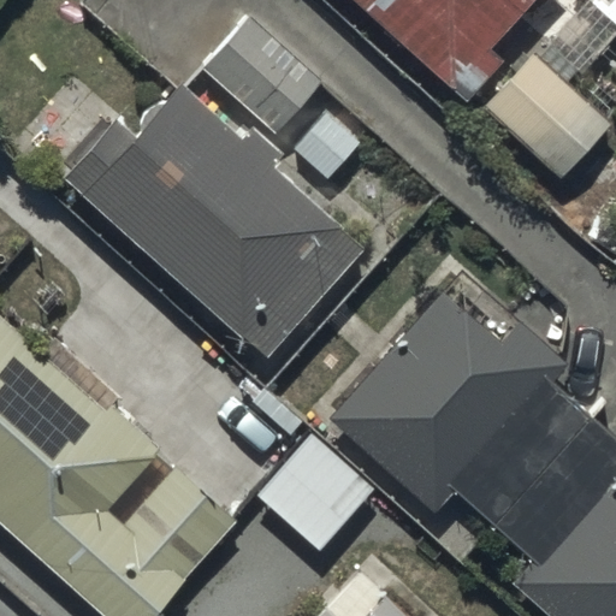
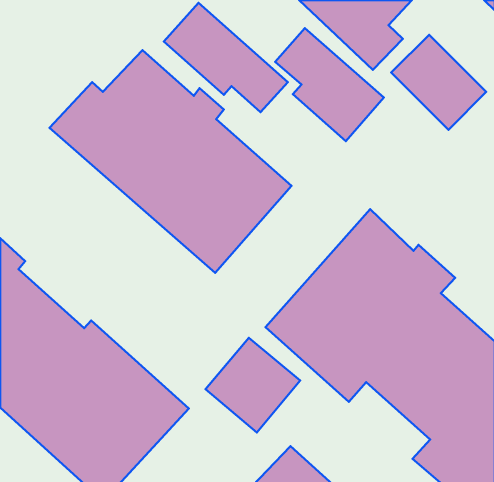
building: none -> [275,28,384,141]

